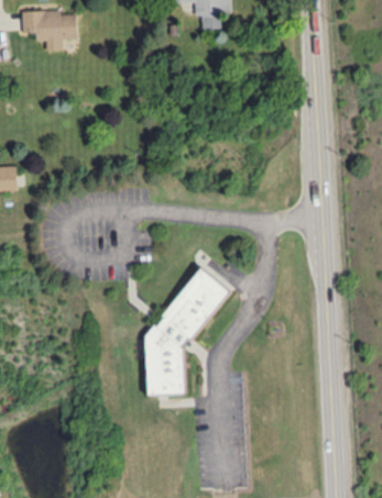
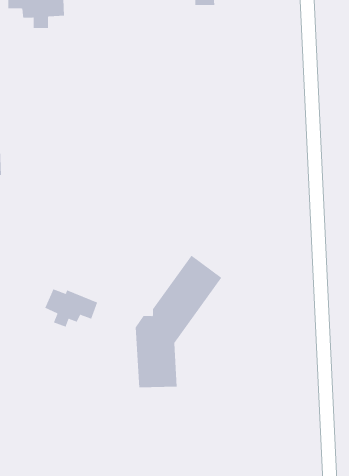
building: none -> [45,288,98,328]

